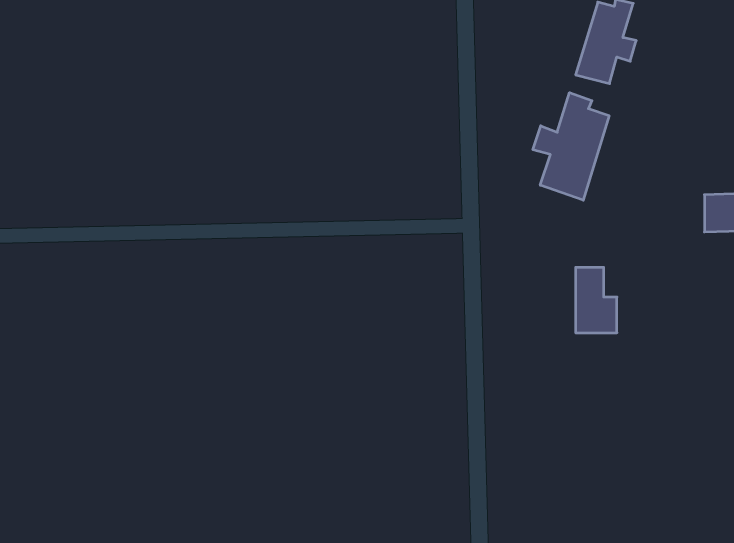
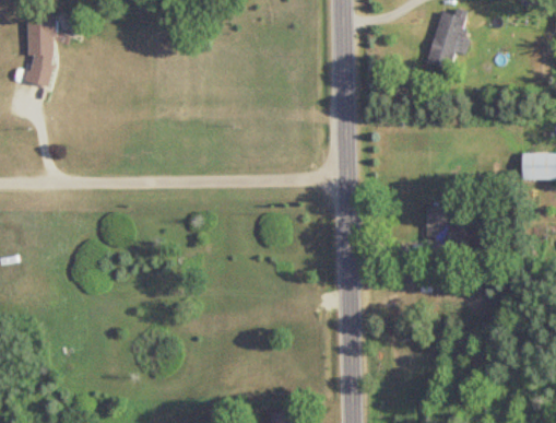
building: none -> [26,21,52,84]
building: [533,93,609,200] -> none

